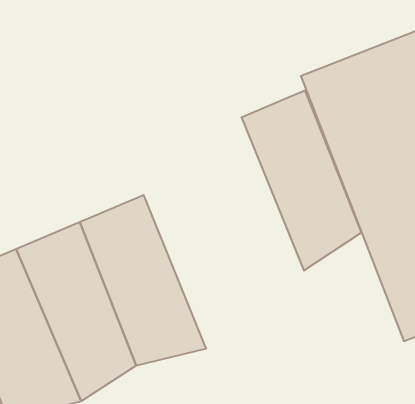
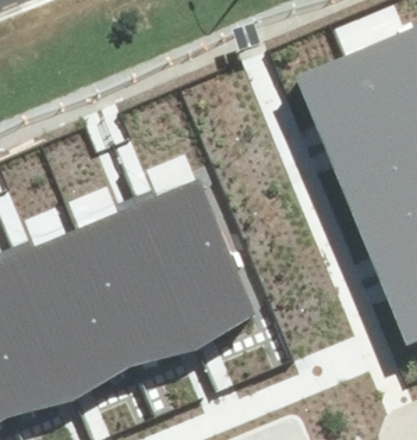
building: [241,90,362,271] -> [144,170,260,345]

